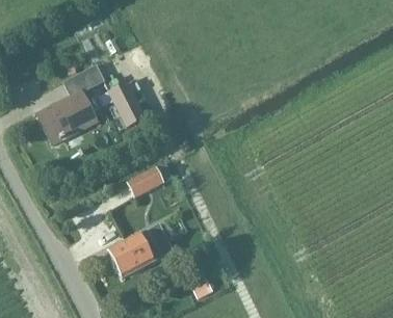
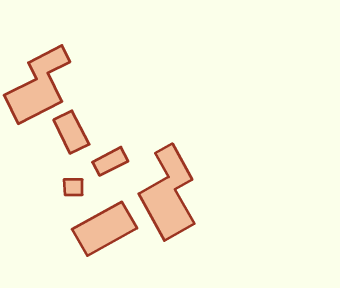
building: [108,81,145,125] -> [54,111,89,153]
building: none -> [139,144,194,241]

